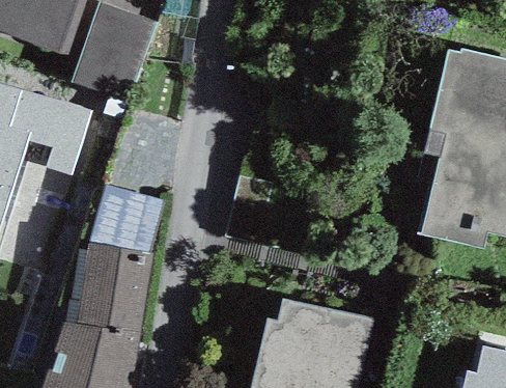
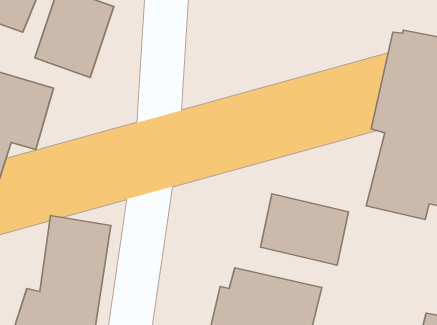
building: [87,186,162,254] -> none
building: none -> [261,194,349,265]

